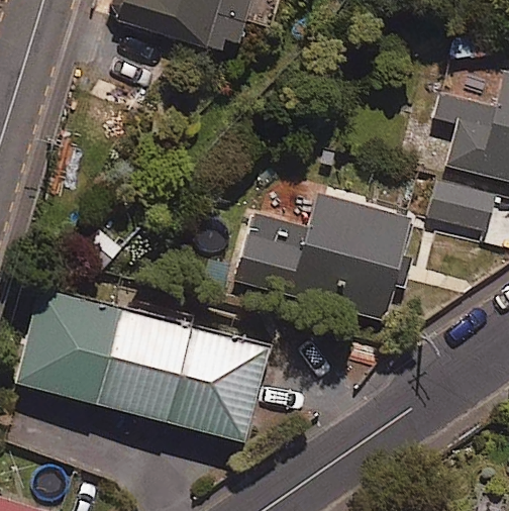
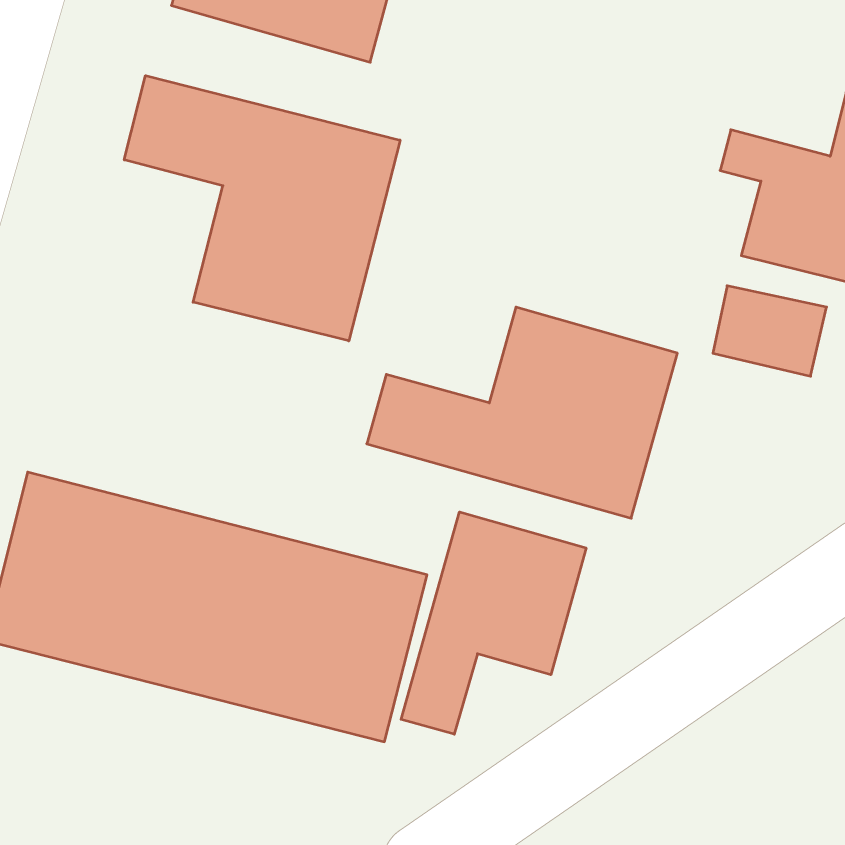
building: none -> [124,76,400,341]
building: none -> [401,512,586,734]

